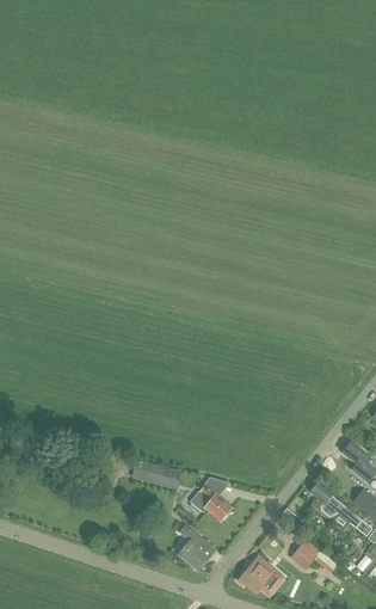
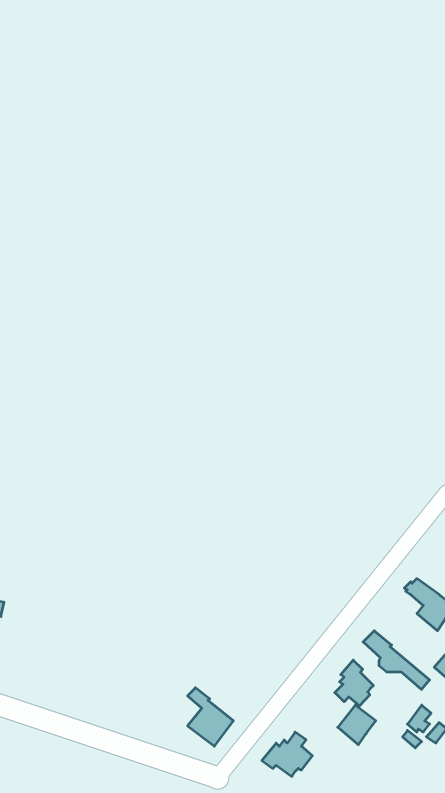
building: [131,461,180,490] -> none
building: [191,486,230,519] -> none
building: none -> [335,660,373,706]

